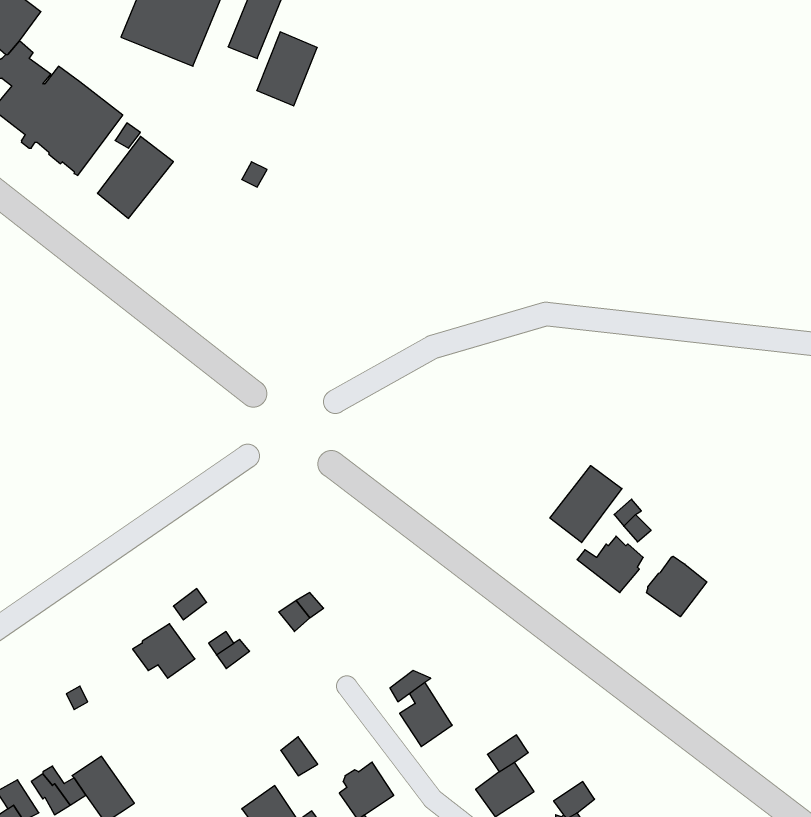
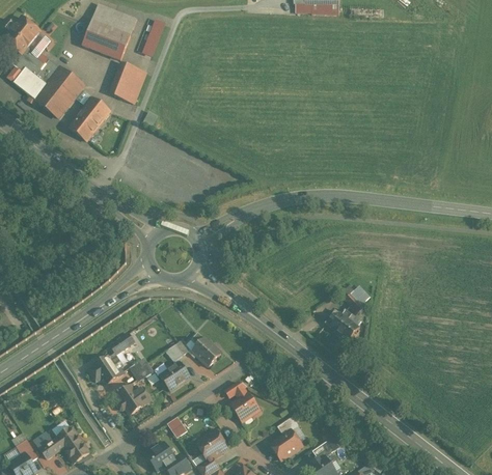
building: [257,32,317,106] -> [114,63,146,103]
building: [550,466,622,543] -> none
building: [647,556,707,617] -> none
building: none -> [192,338,222,367]
building: none -> [160,361,190,391]
building: none -> [115,384,149,414]

